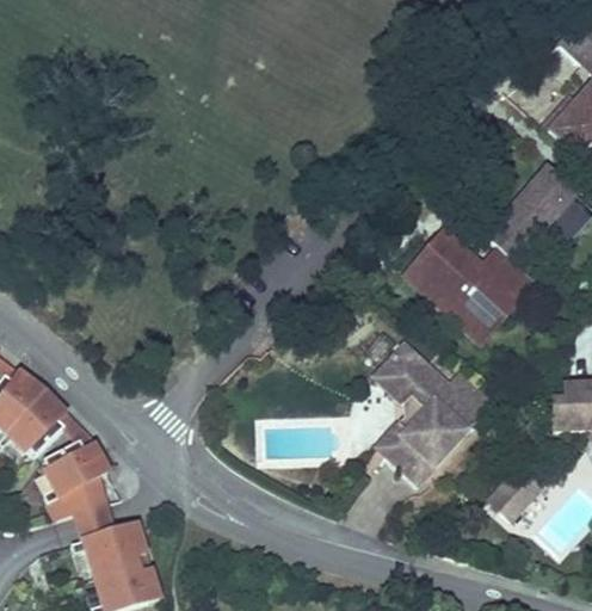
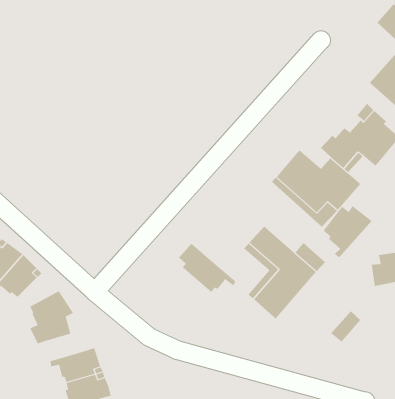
building: none -> [323,205,373,258]
building: none -> [178,243,236,293]
building: [68,502,117,543] -> none

